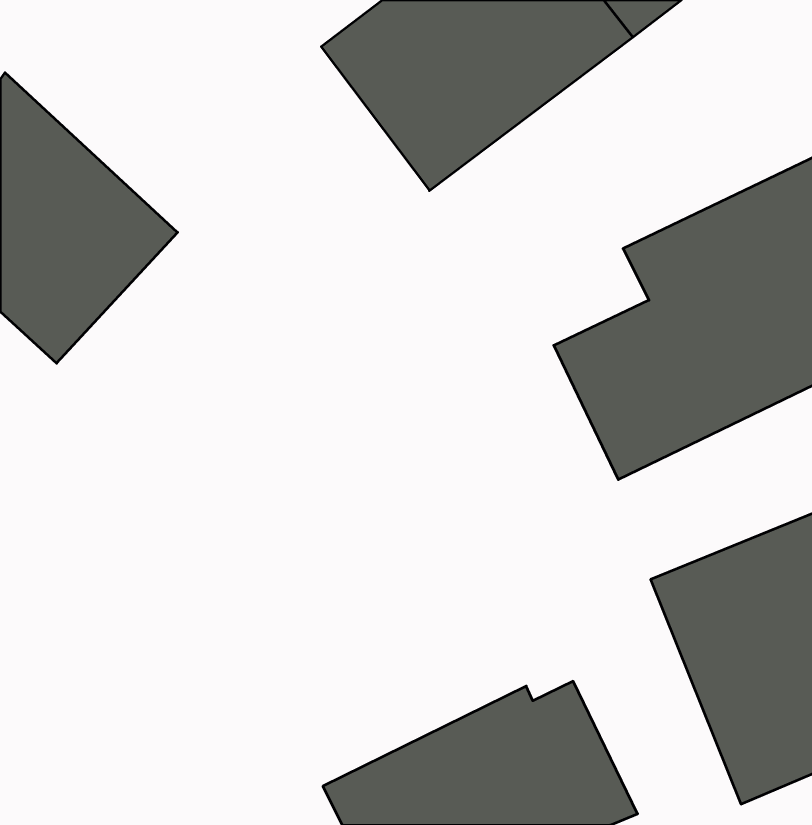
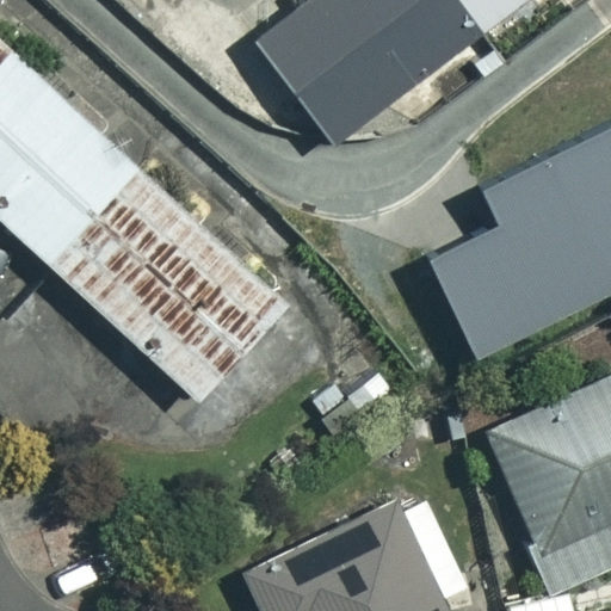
building: none -> [51,172,289,405]

